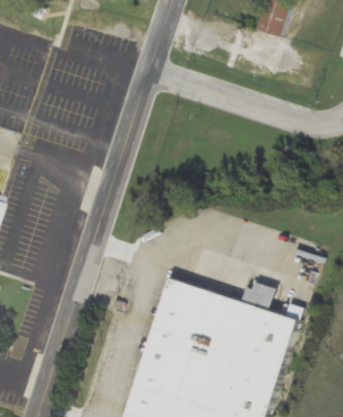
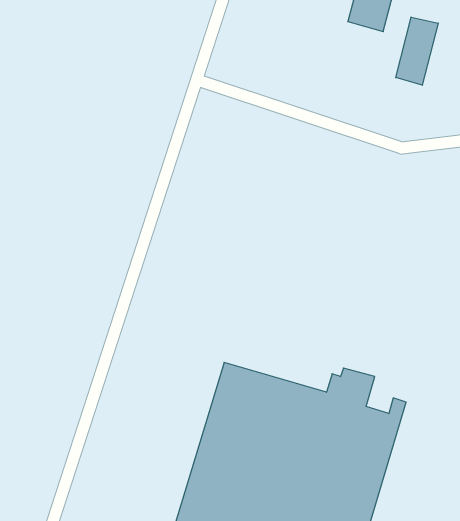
building: none -> [396,17,438,85]

